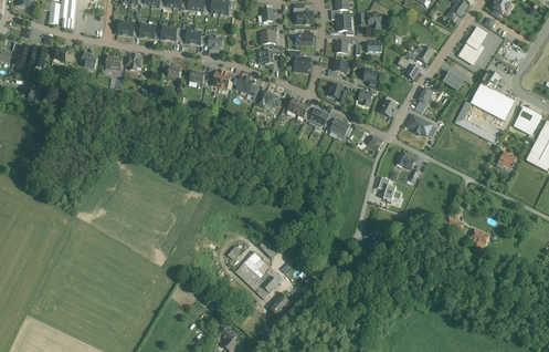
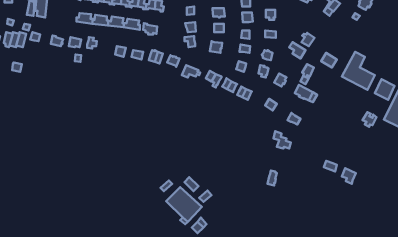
building: [458,29,488,66] -> none

